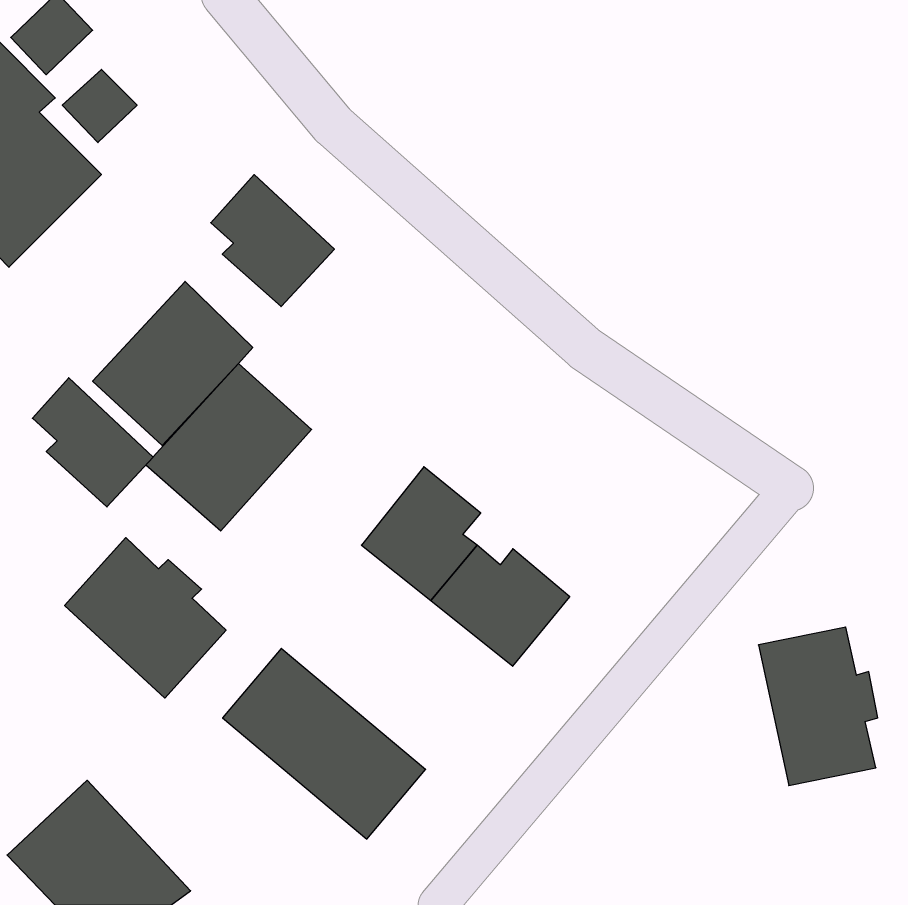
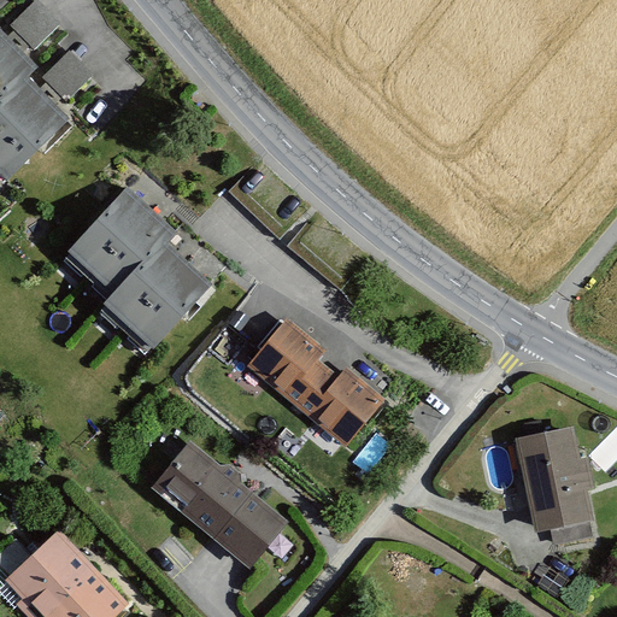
building: [211,175,334,307] -> none
building: [32,378,153,507] -> none
building: [65,538,226,698] -> none

